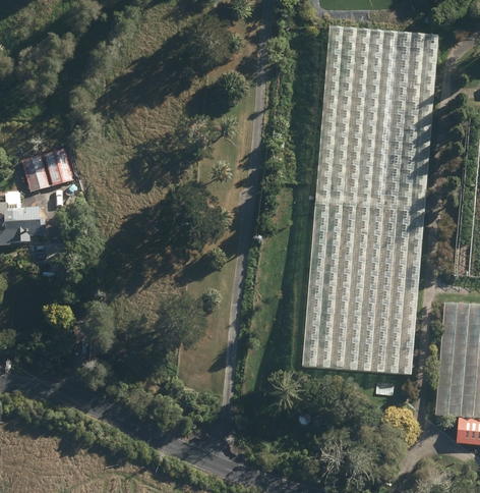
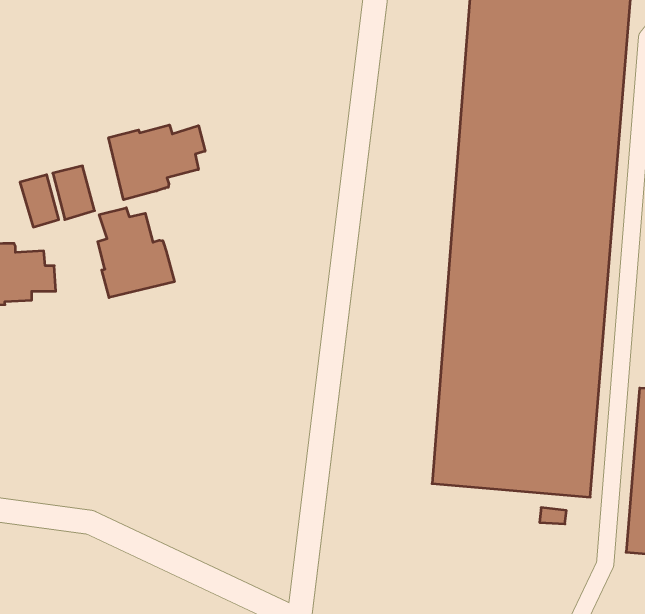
building: none -> [109,125,205,200]
building: none -> [98,208,174,298]

